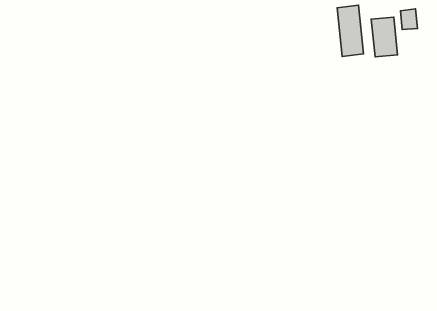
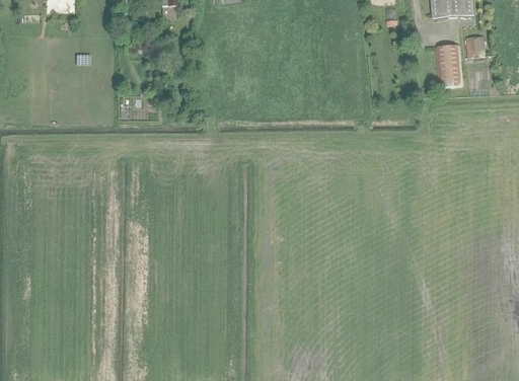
building: [337,5,363,57] -> none

